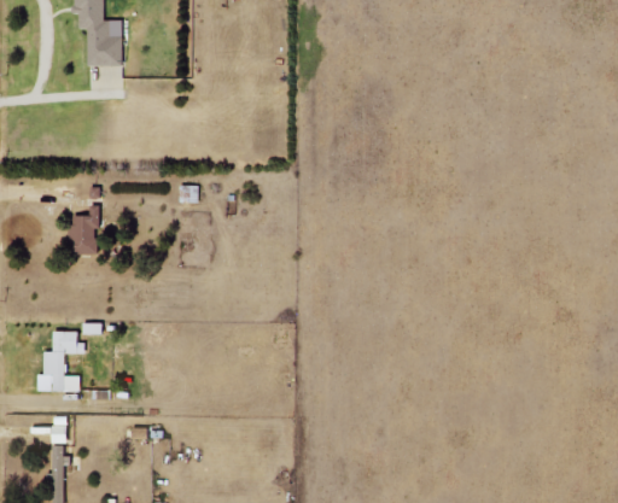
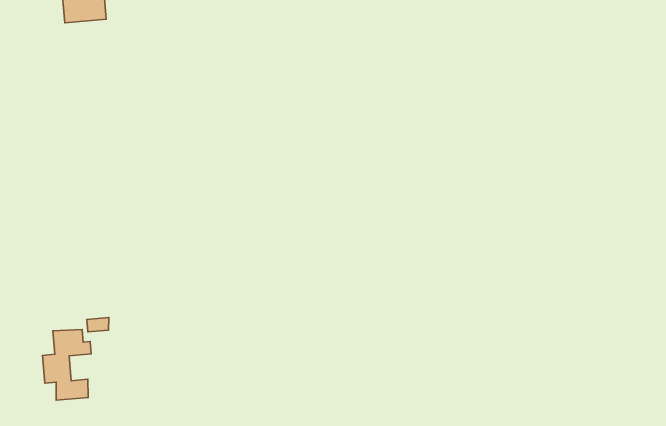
building: [70,215,95,253] -> none

